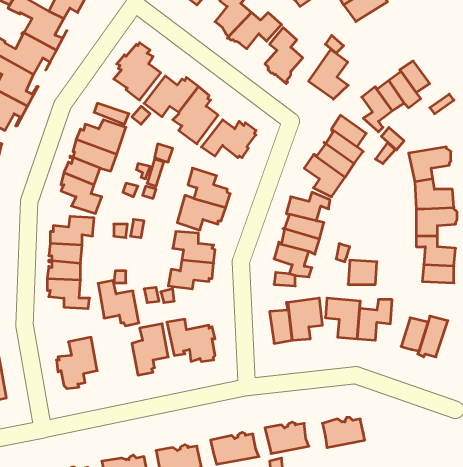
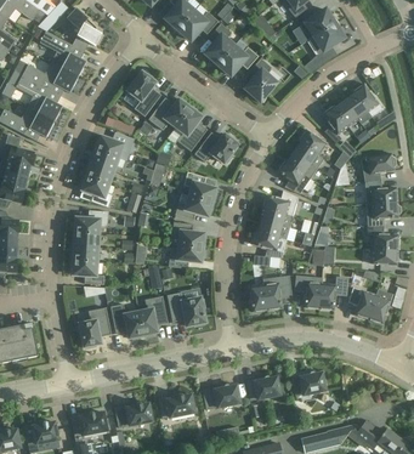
building: [309,50,348,99] -> none
building: [98,280,139,326] -> [110,303,143,340]

